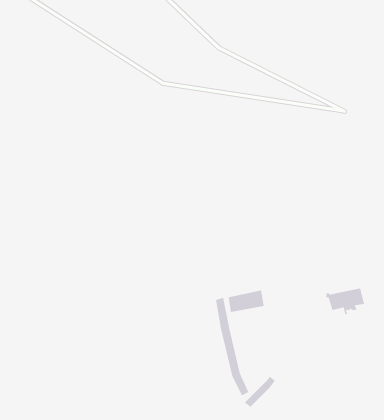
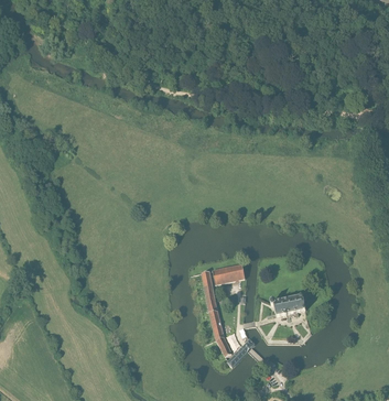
building: [325,288,365,314] -> [271,296,305,319]

